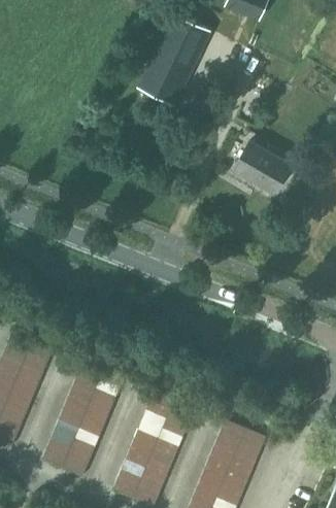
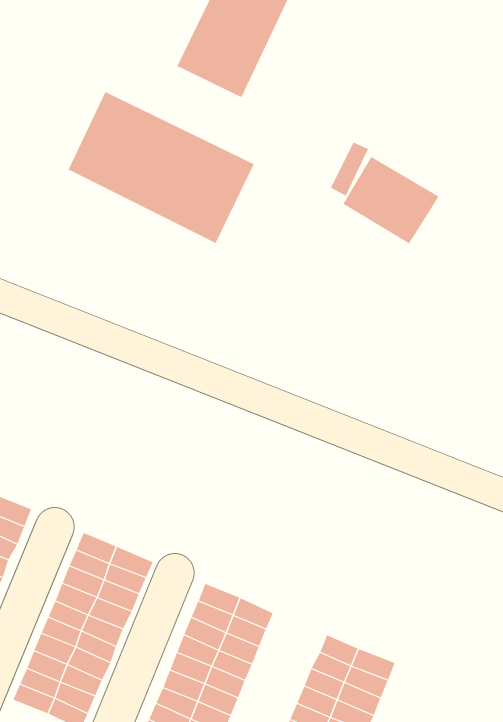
building: none -> [68,91,255,244]

